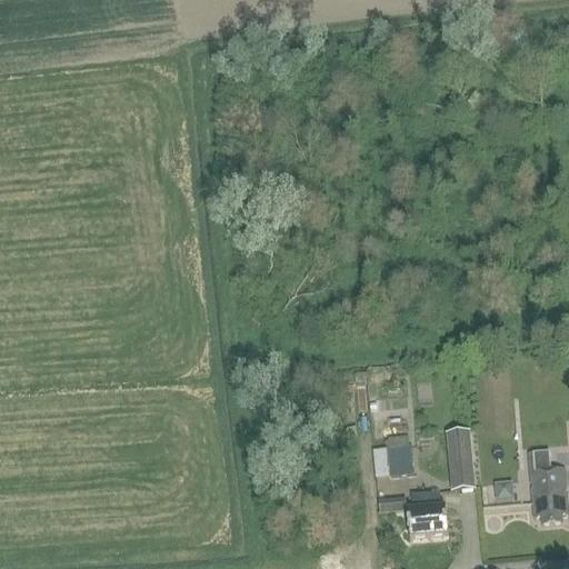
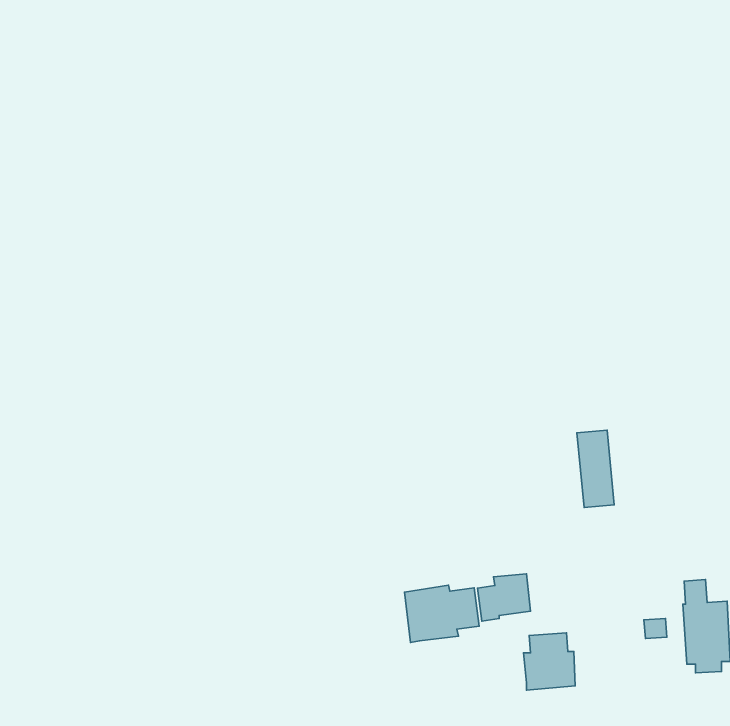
building: [446,428,475,488] -> [577,430,614,508]
building: none -> [405,585,479,643]

